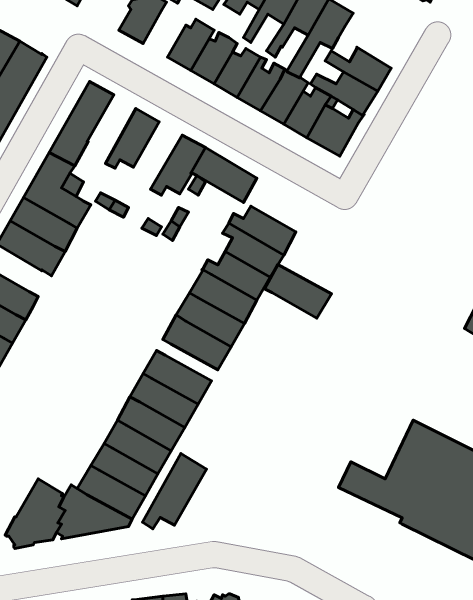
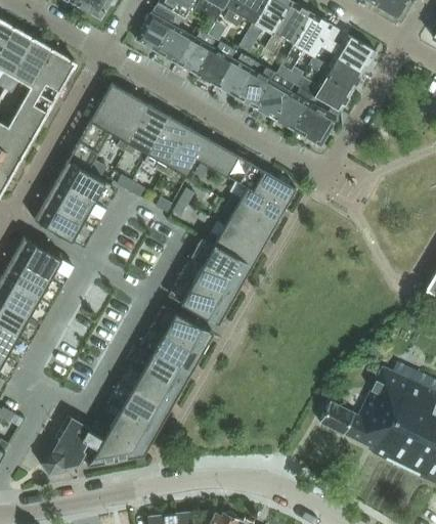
building: none -> [156,24,191,62]
building: none -> [319,35,376,72]
building: none -> [108,94,149,151]
building: none -> [147,117,188,173]
building: [264,265,332,318] -> [239,164,296,209]
building: [142,453,206,529] -> none

